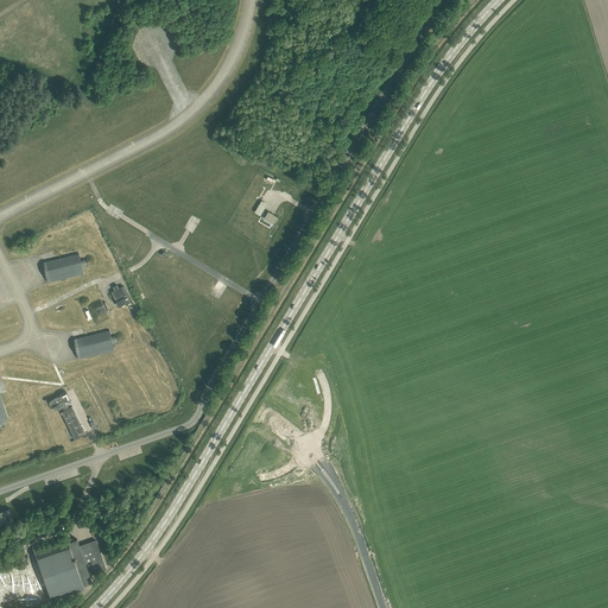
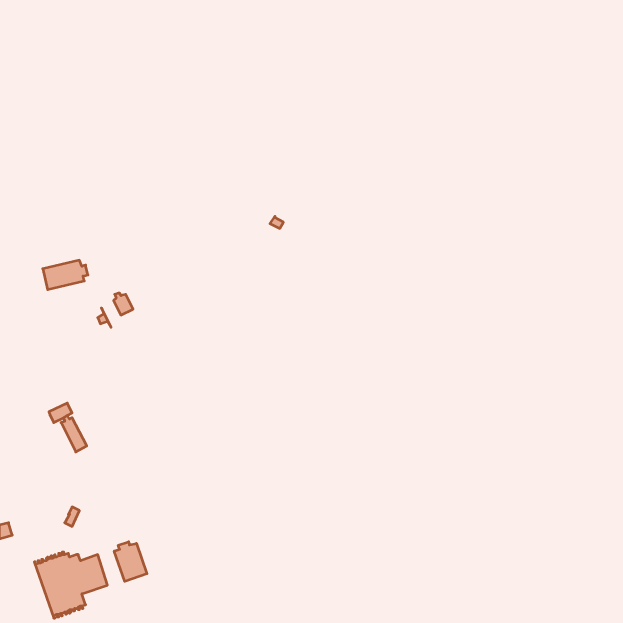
building: [72,331,115,360] -> none
building: none -> [114,542,147,581]

